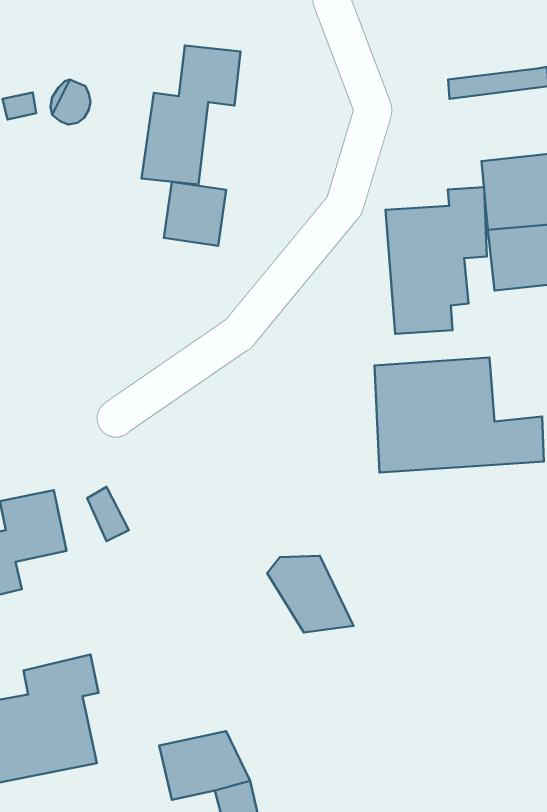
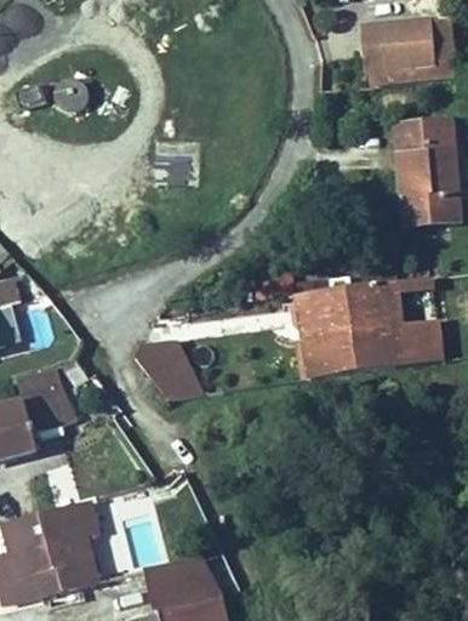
building: none -> [363,17,433,63]
building: [142,45,241,185] -> none
building: [386,187,487,334] -> none
building: [267,556,353,632] -> [138,340,204,398]

